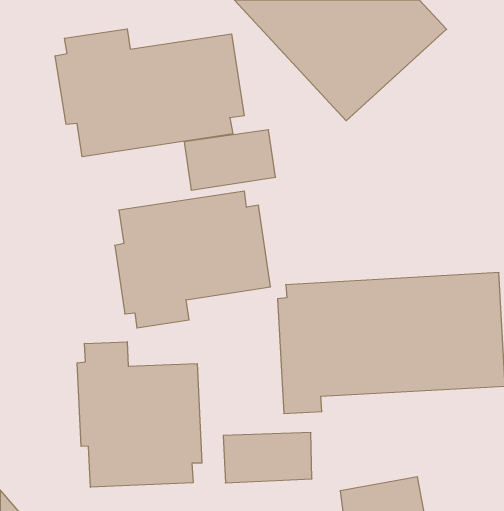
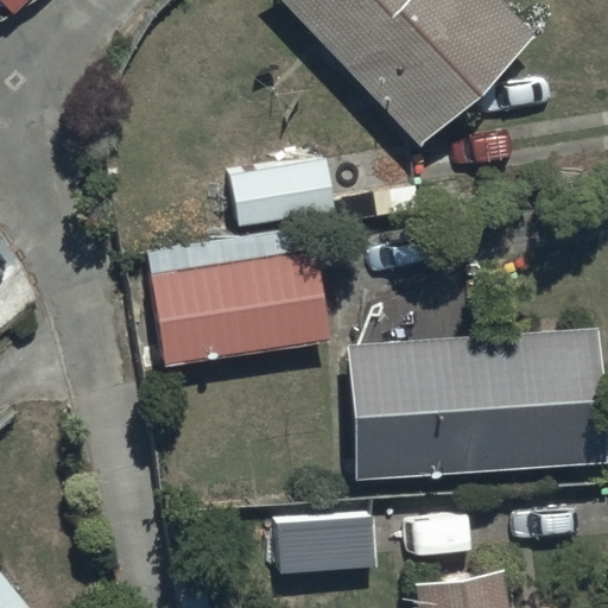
building: [55,29,244,157] -> none
building: [77,342,202,487] -> none

